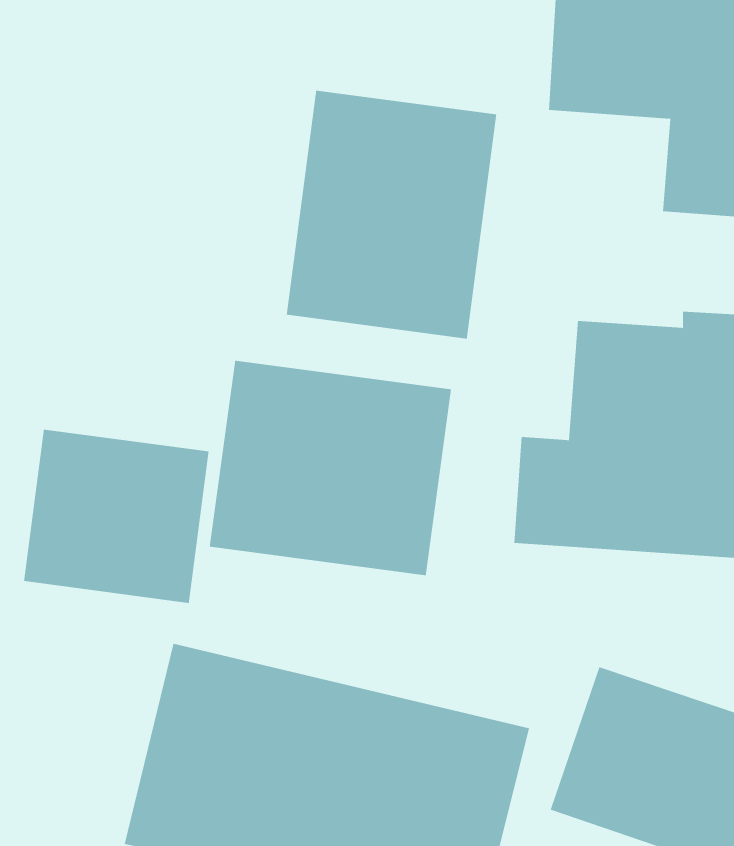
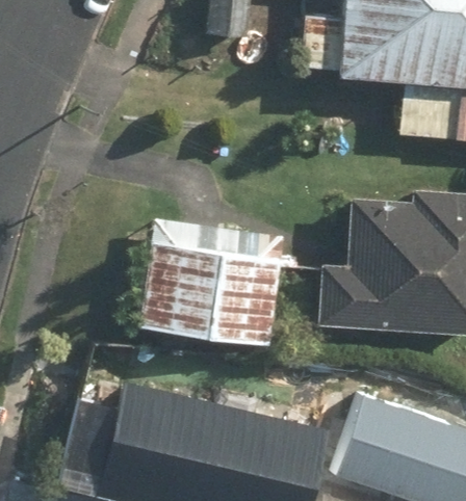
building: [286,90,497,339] -> none
building: [23,429,209,604] -> none

